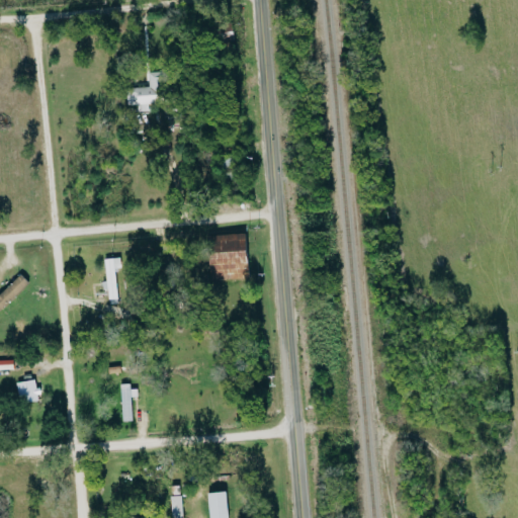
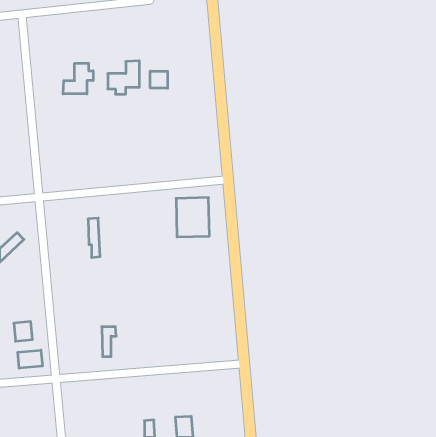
building: none -> [63,63,93,94]
building: none -> [150,71,168,88]
building: none -> [18,350,42,368]

